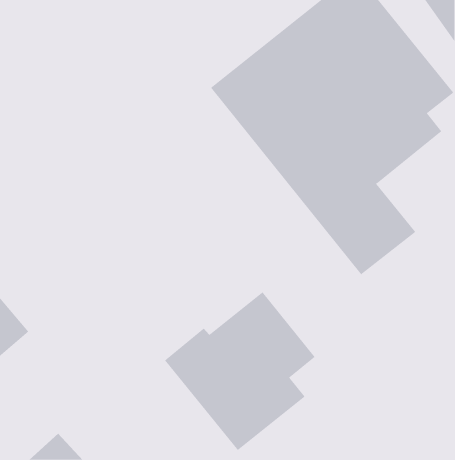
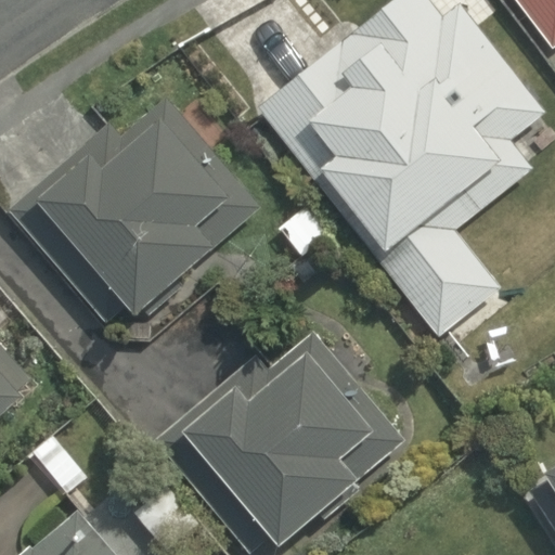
building: none -> [47,104,260,314]

